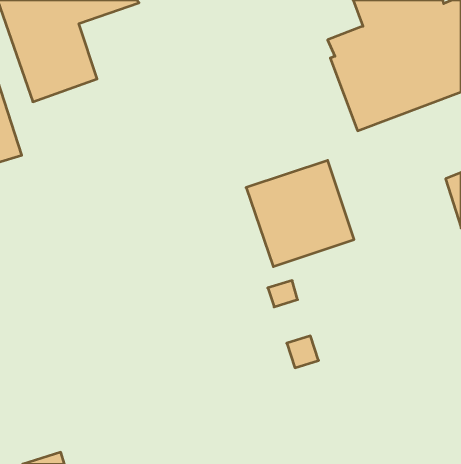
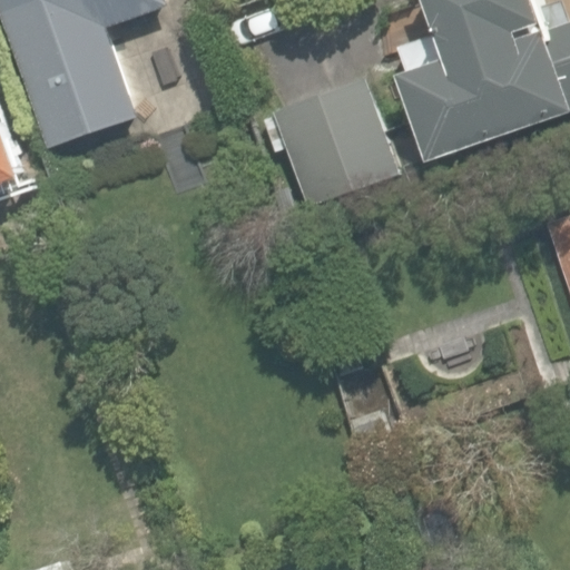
building: [246,160,354,267] -> [271,78,403,208]

